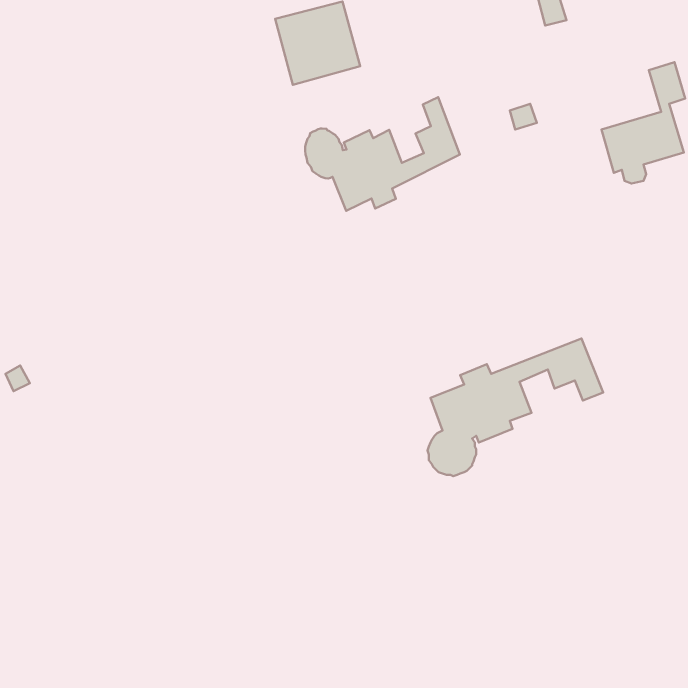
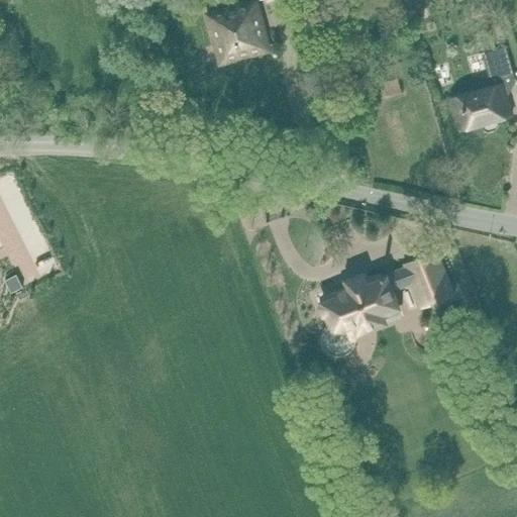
building: [305,97,460,211] -> none

